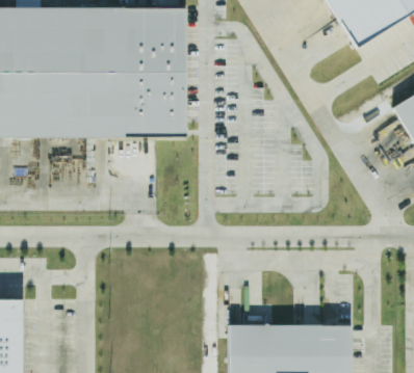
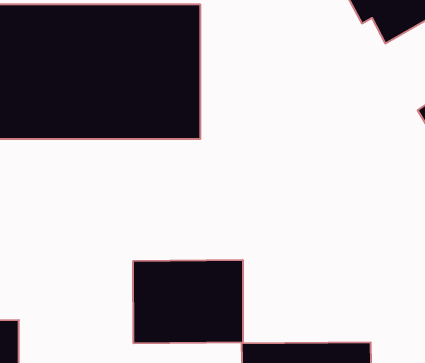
building: none -> [133,260,243,343]

